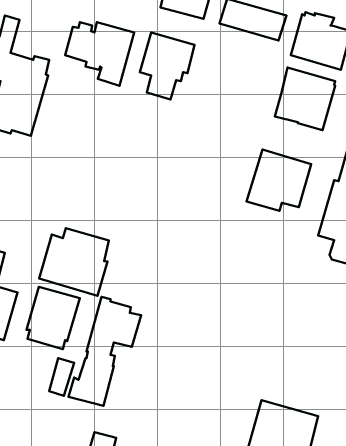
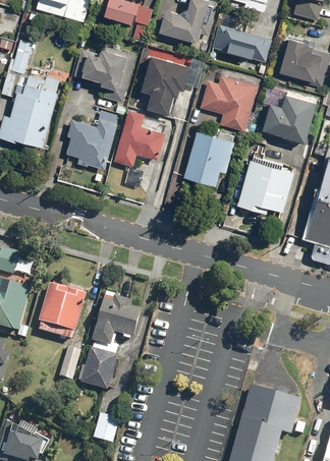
building: none -> [199,74,258,130]
building: none -> [114,108,164,165]
building: none -> [66,117,117,169]
building: none -> [183,131,236,186]
building: [39,228,109,296] -> none

